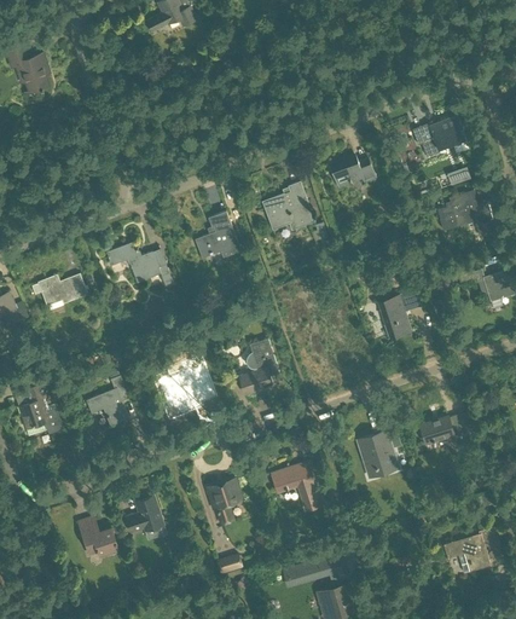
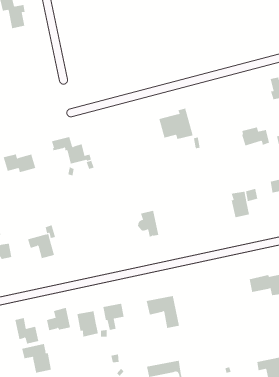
building: [331,156,375,186] -> [241,127,270,146]
building: [195,210,240,259] -> none
building: [150,357,215,421] -> none
building: [238,368,273,394] -> none
building: [356,430,396,475] -> none
building: none -> [77,310,99,337]
building: none -> [22,343,51,373]

